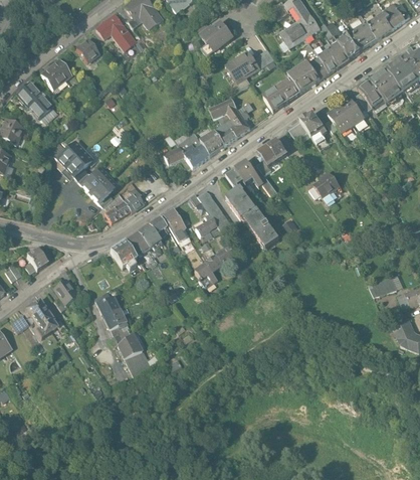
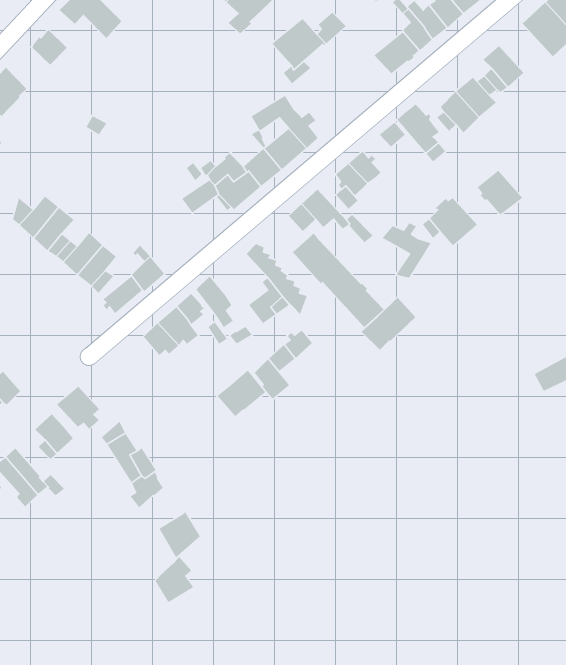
building: [370,67,403,103] -> none
building: [264,77,300,110] -> none
building: none -> [477,170,523,215]
building: none -> [382,222,432,279]
building: none -> [361,297,416,350]
building: [110,242,137,270] -> [56,386,100,429]
building: none -> [216,370,266,417]
building: [117,332,141,361] -> [154,556,194,603]

